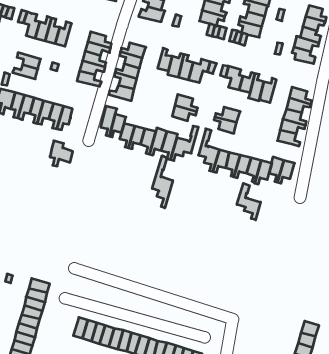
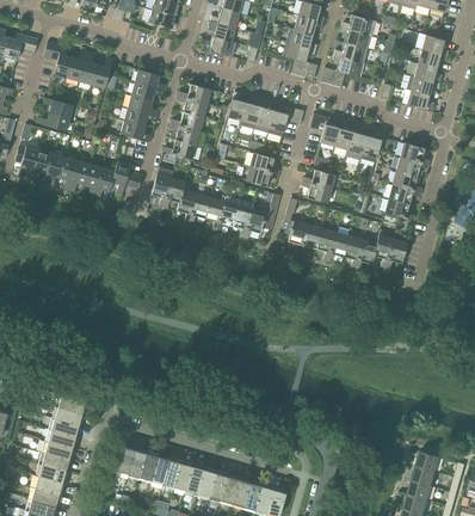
building: [50,141,73,166] -> [112,161,142,195]
building: [152,156,173,208] -> none
building: [237,183,261,220] -> none

